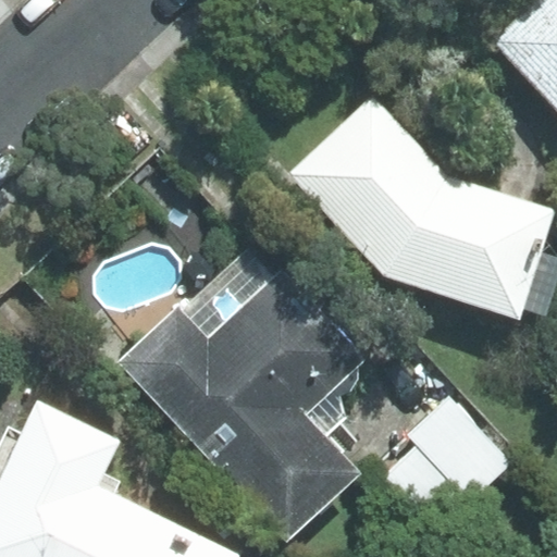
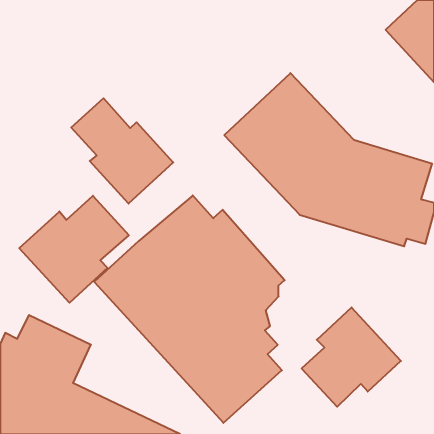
building: none -> [71,98,173,204]
building: none -> [19,196,129,303]

